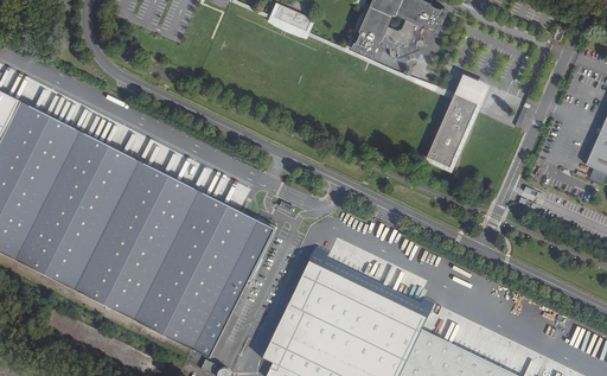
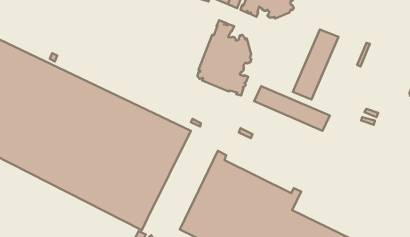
building: none -> [197,20,251,96]
building: none -> [254,86,330,131]

